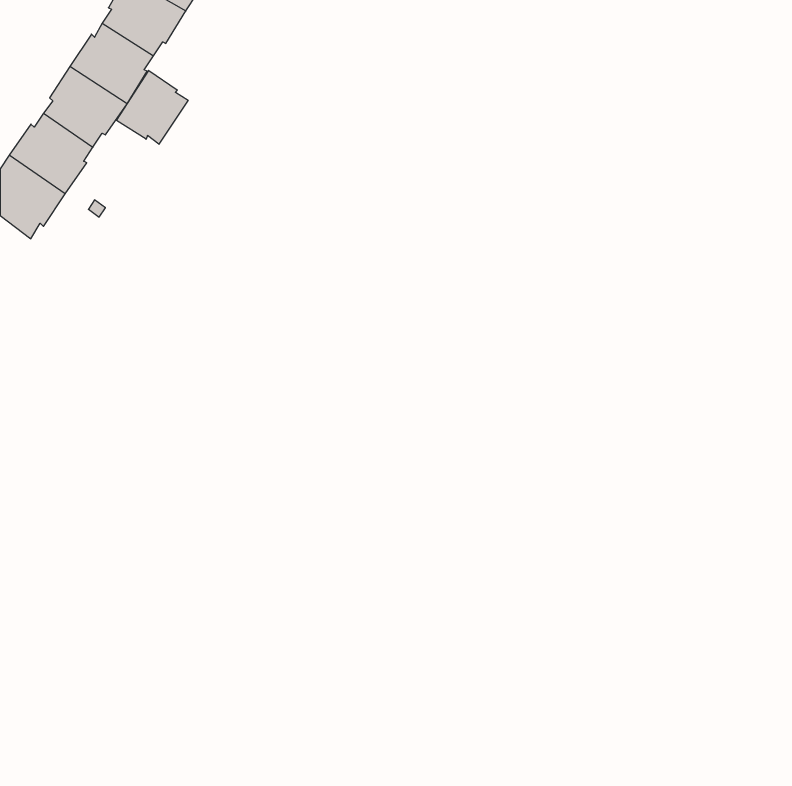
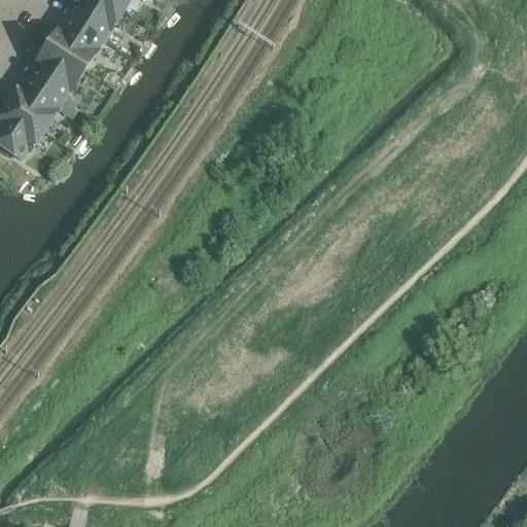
building: [116,70,188,144] -> none

